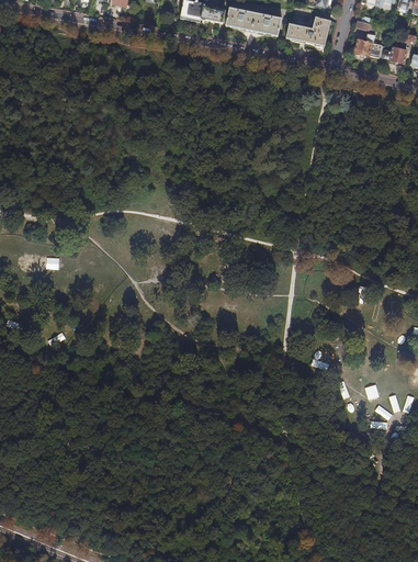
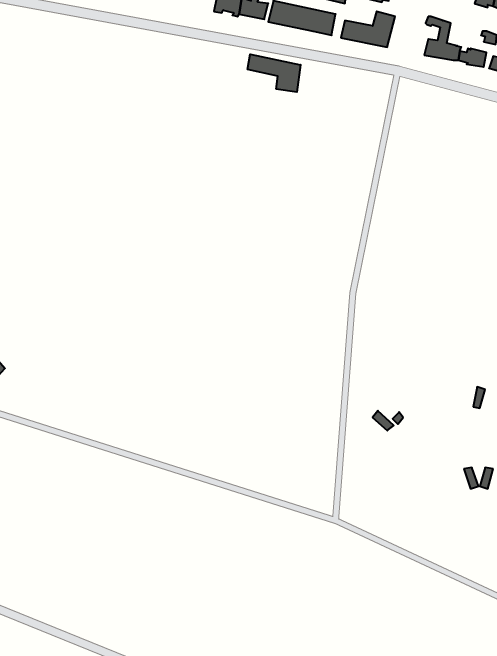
building: none -> [248,54,301,92]

